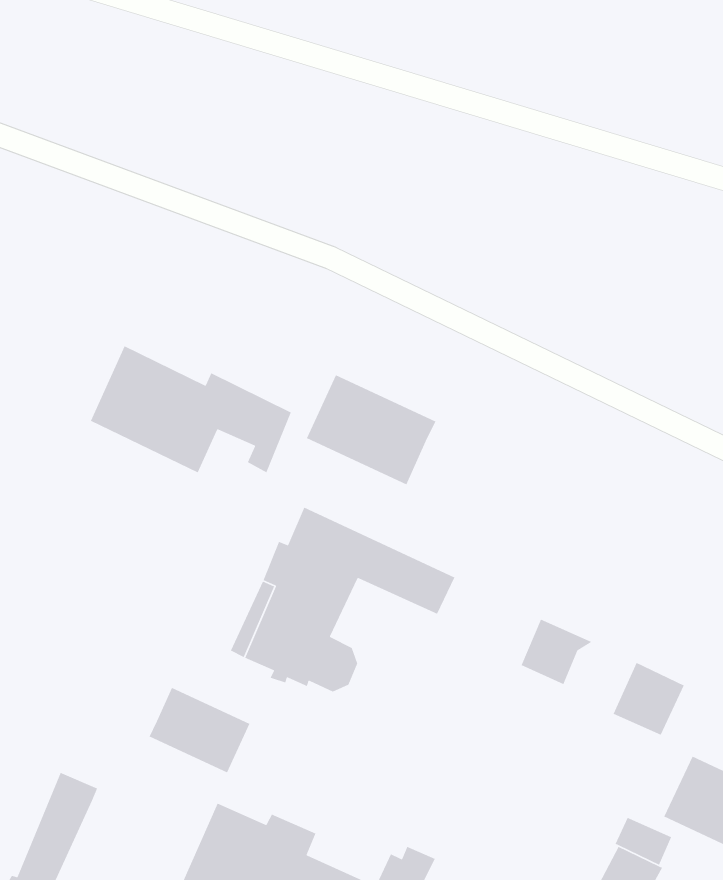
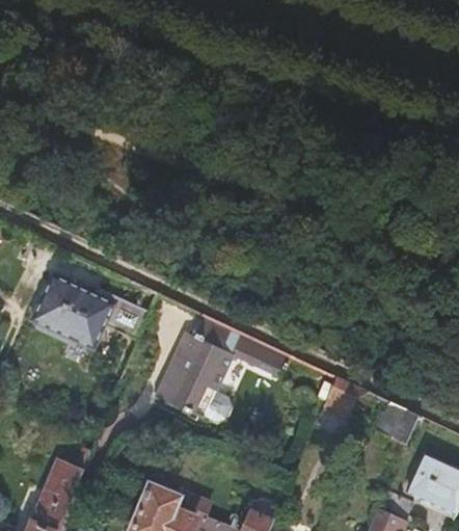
building: [90,345,292,473] -> [31,276,147,350]
building: [306,374,436,485] -> none
building: [148,687,251,773] -> none

